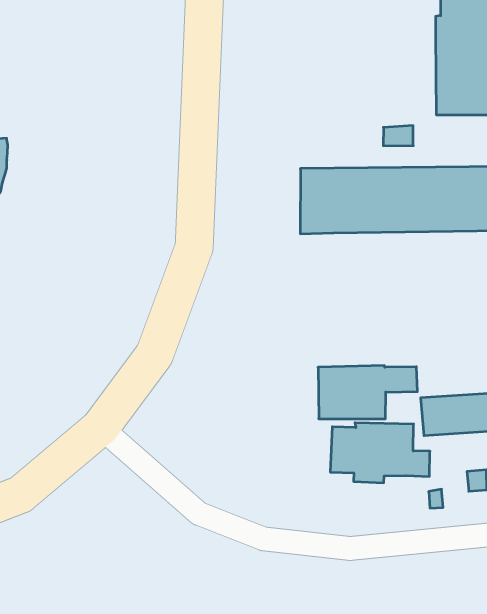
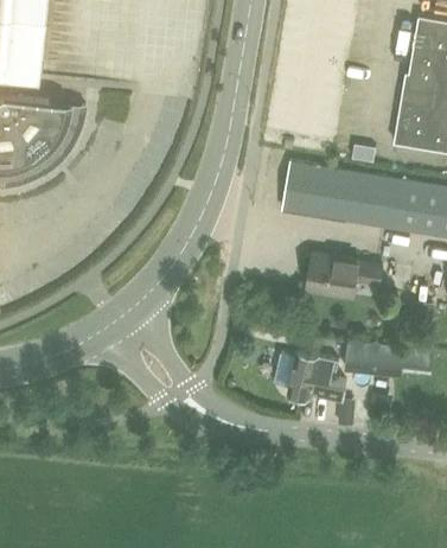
building: [318,366,417,419] -> [306,254,382,299]

